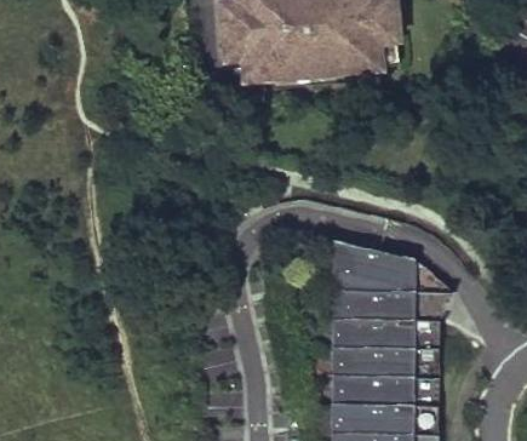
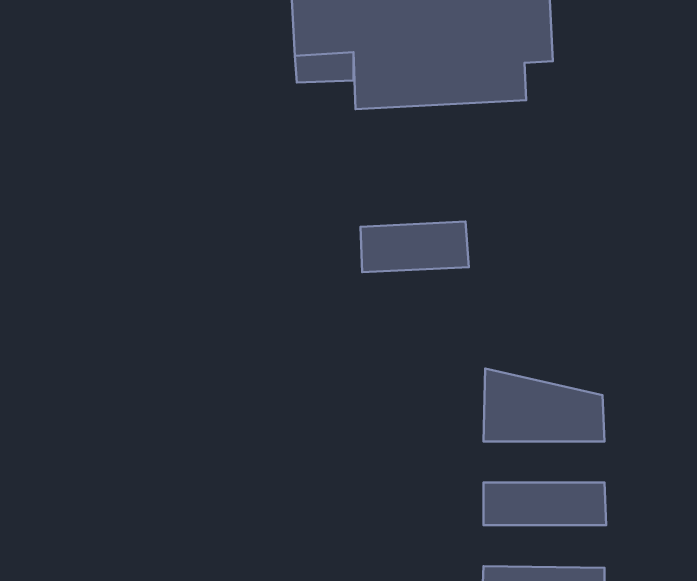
building: none -> [360,222,469,272]
building: [338,302,420,330] -> none
building: [338,359,422,388] -> none

